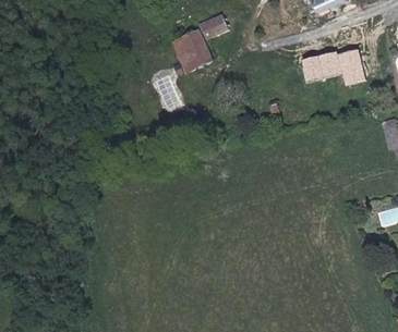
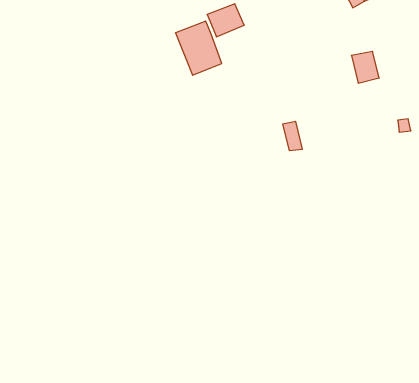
building: [336,48,364,84] -> none
building: [300,54,323,82] -> none

